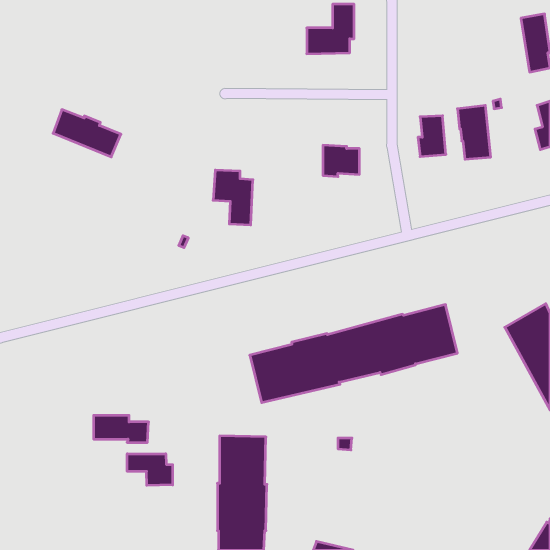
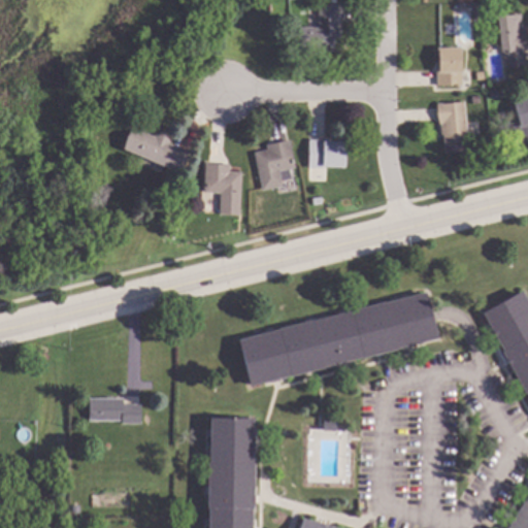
building: [53,110,121,157] -> [125,128,190,173]
building: [418,116,446,157] -> [436,46,463,86]
building: none -> [255,140,296,191]
building: [127,454,173,485] -> none

